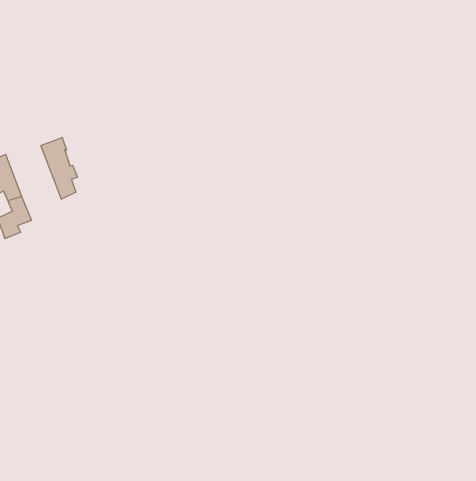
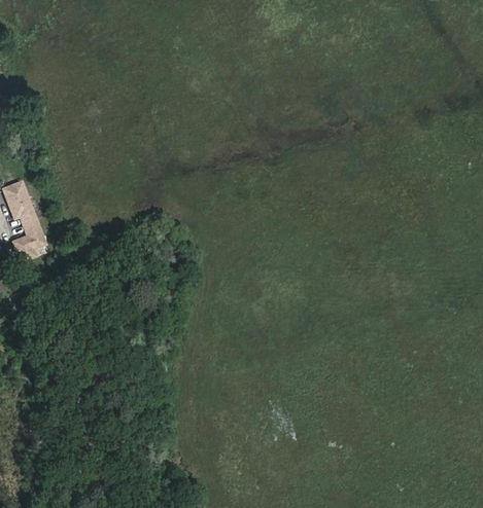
building: [41,137,78,199] -> none

